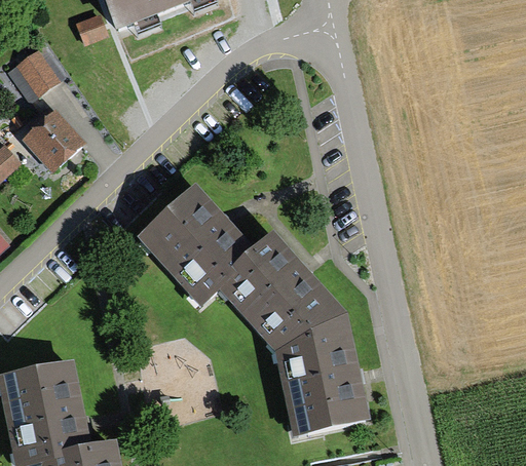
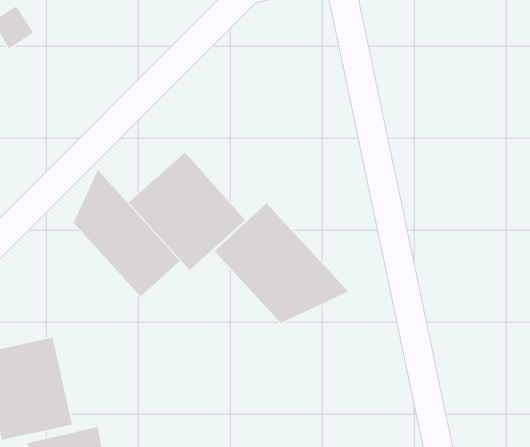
building: [27,116,79,167] -> none
building: none -> [73,169,180,297]
building: [281,320,367,435] -> none

